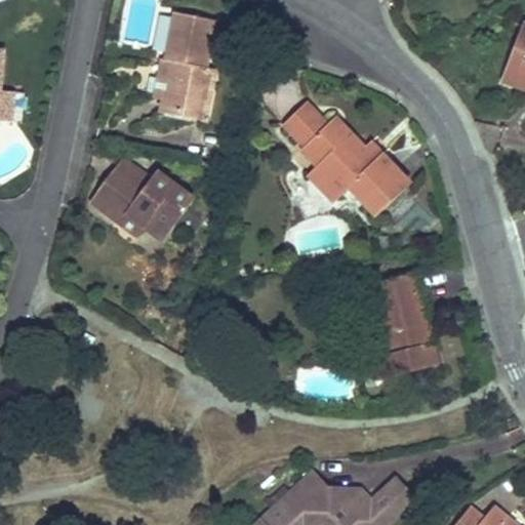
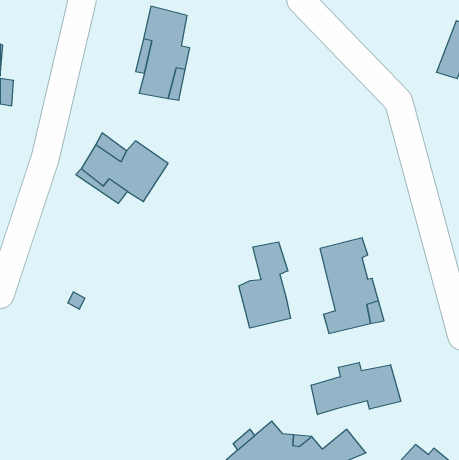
building: [282,104,409,214] -> none
building: none -> [239,242,291,328]
building: none -> [311,362,401,415]

